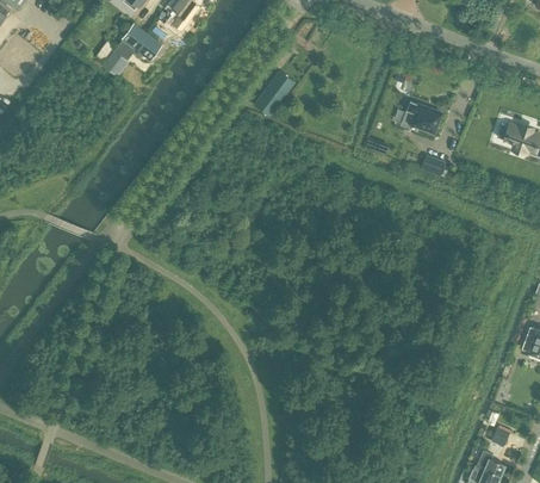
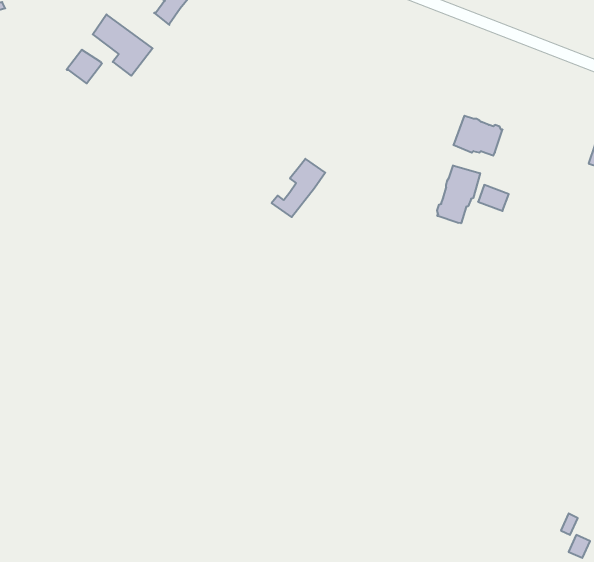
building: [253,70,294,116] -> [272,159,325,217]
building: none -> [437,165,480,223]

